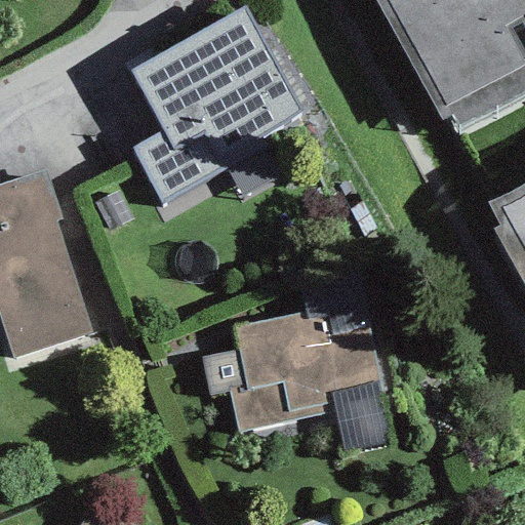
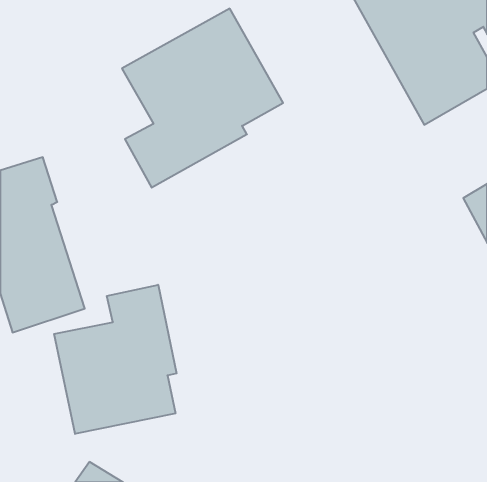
building: [232,298,386,428] -> none
building: none -> [54,285,177,434]

